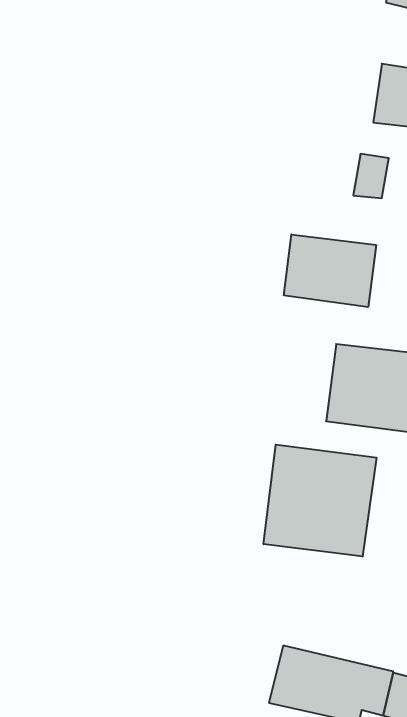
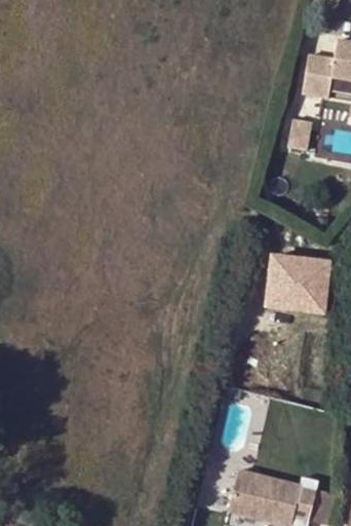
building: [284,234,376,307] -> none
building: [264,445,377,557] -> none

